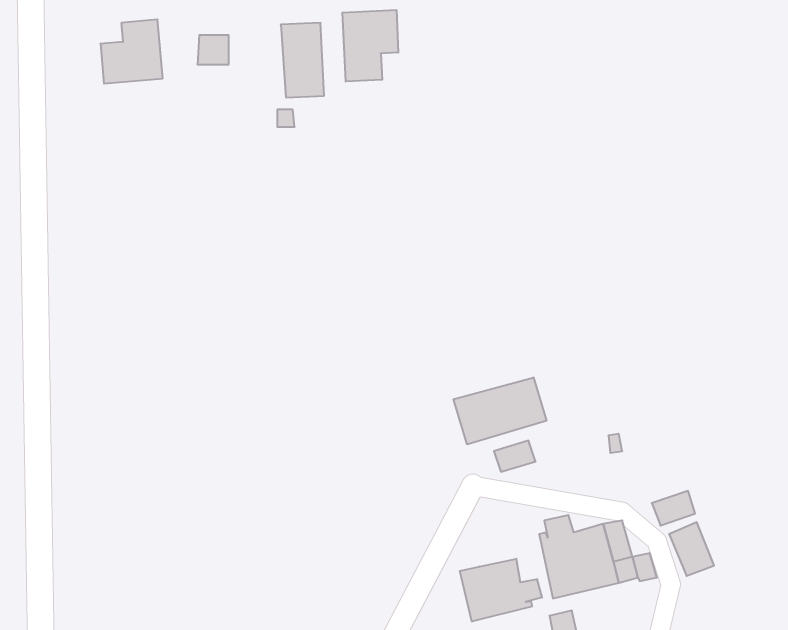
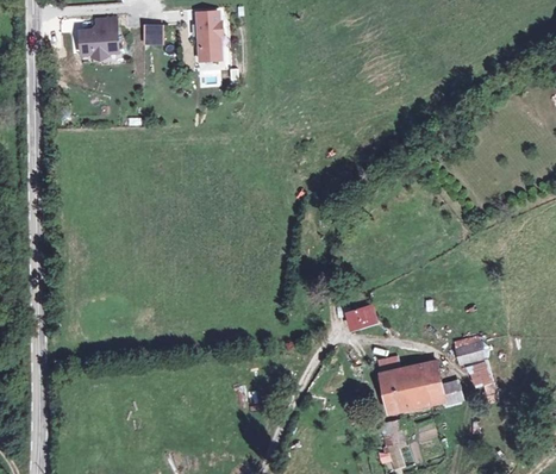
building: [342,10,398,82] -> none
building: [453,377,546,444] -> none
building: [460,559,542,622] -> none

